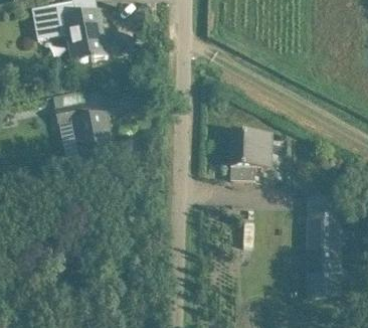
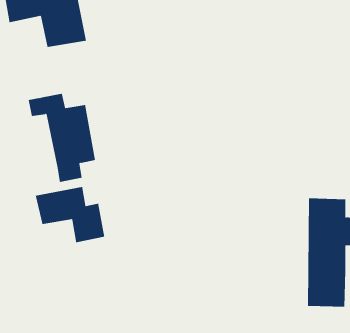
building: [229,132,271,178] -> none
building: none -> [35,186,105,243]

